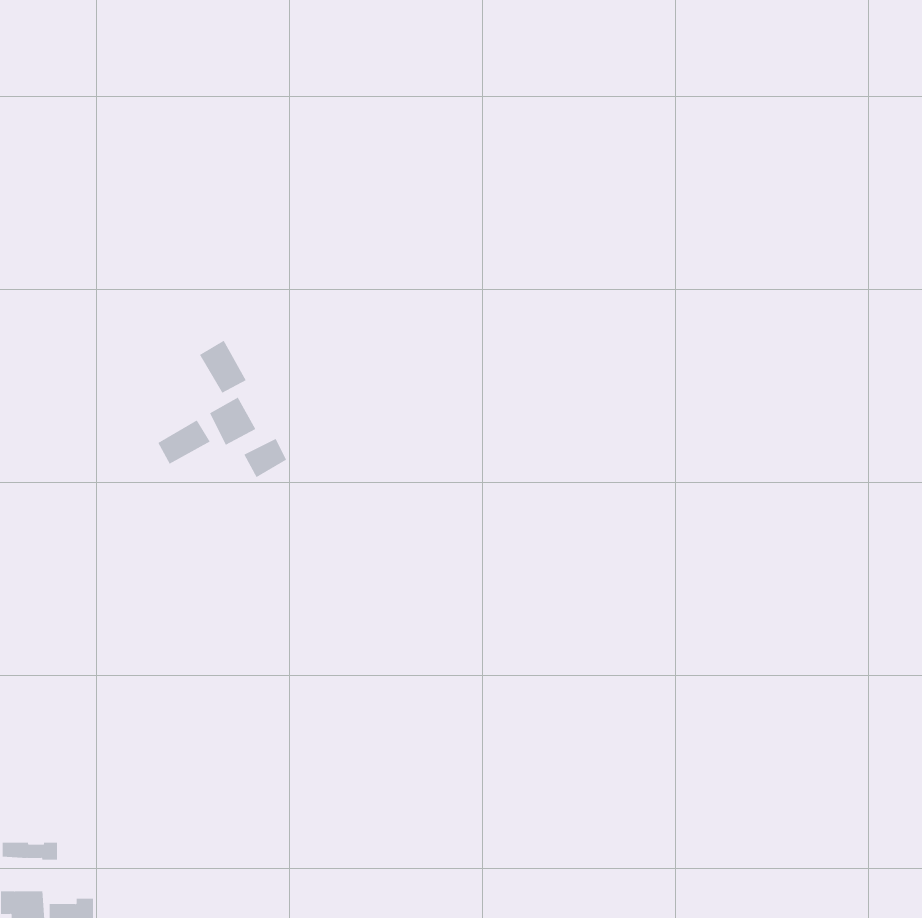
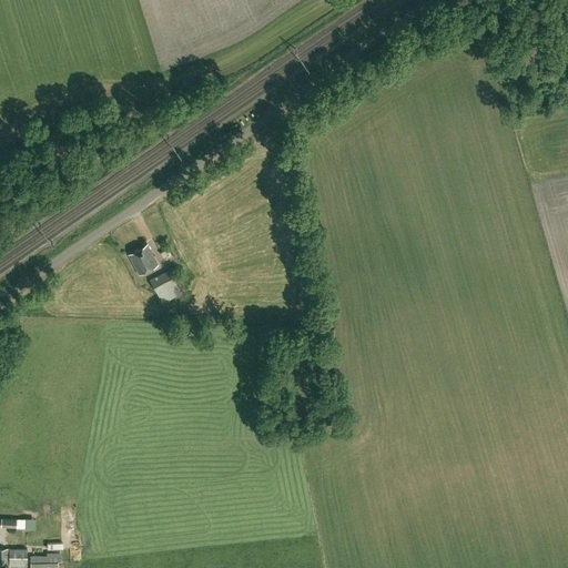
building: [199,340,246,394] -> none
building: [158,419,210,464] -> none

